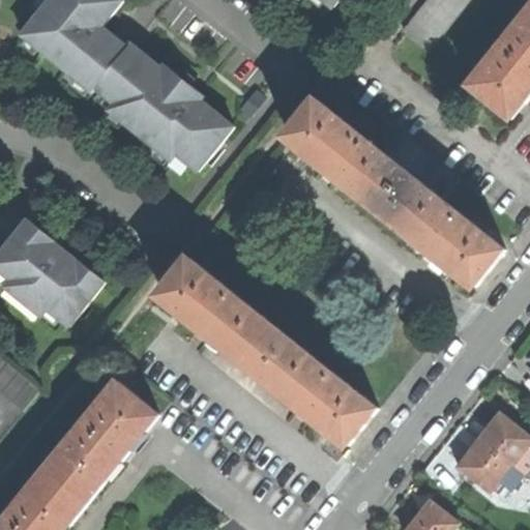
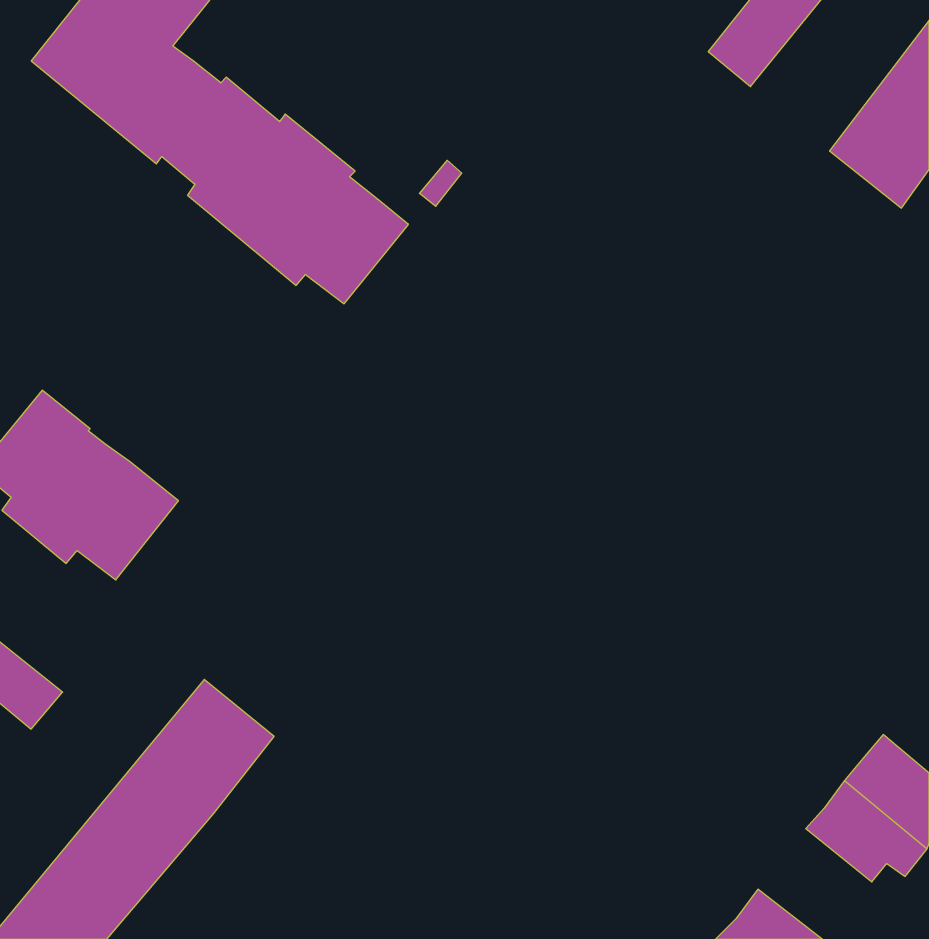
building: [284,99,500,284] -> none
building: [157,258,375,445] -> none

